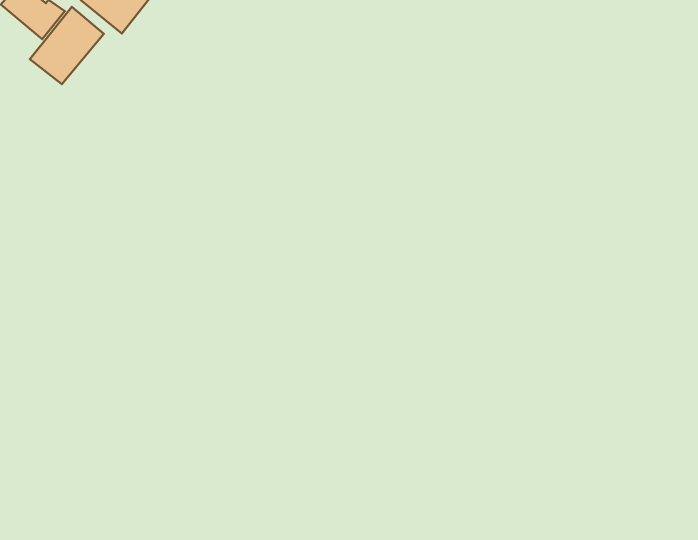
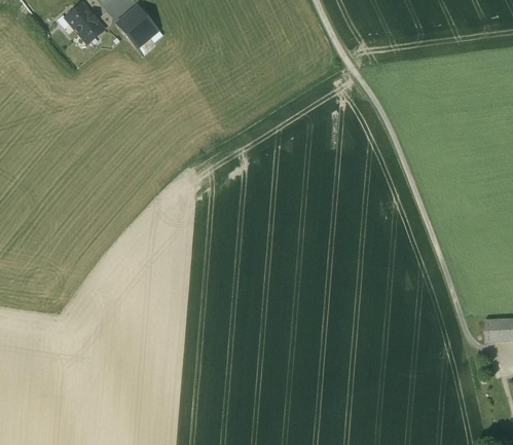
building: [30,7,104,84] -> none

